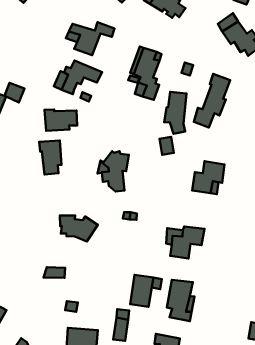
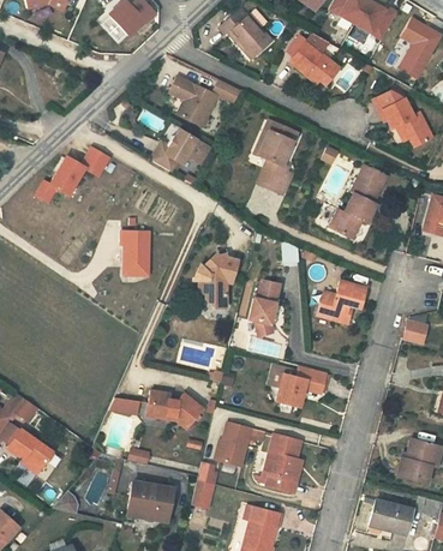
building: [164,92,187,134] -> [246,280,280,336]
building: [45,109,77,131] -> none
building: [60,215,98,241] -> [148,391,198,430]

